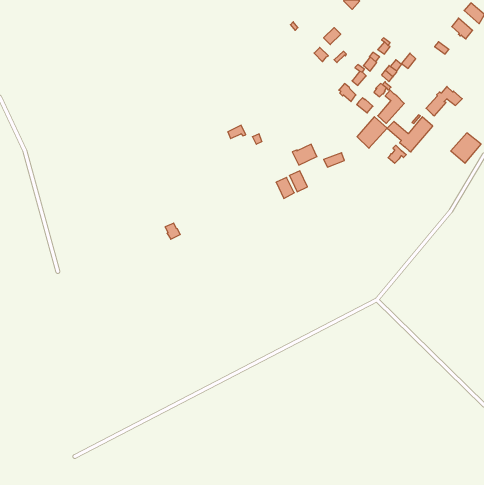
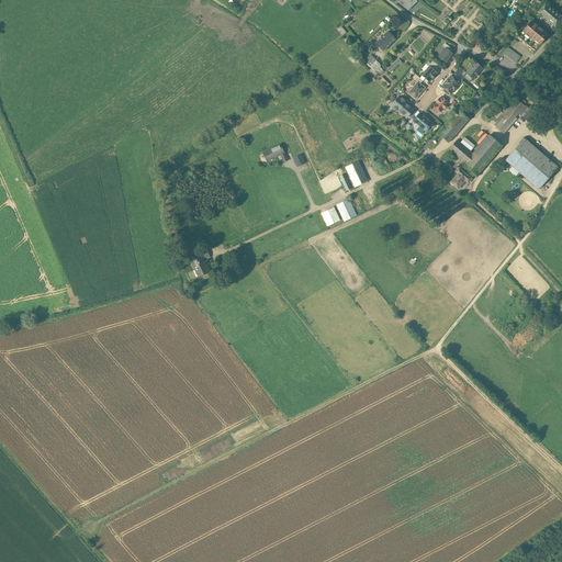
building: [357,117,387,148] -> none
building: none -> [505,138,540,175]

